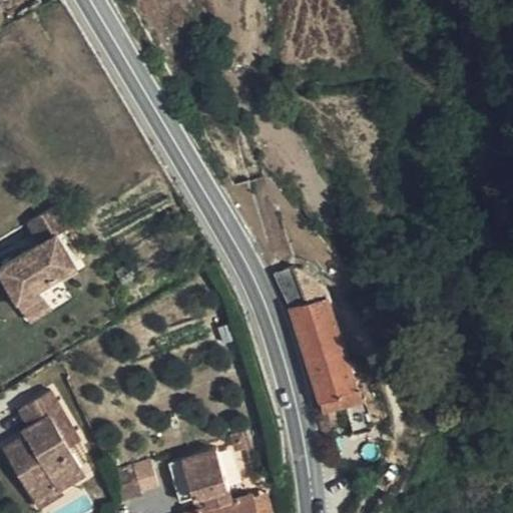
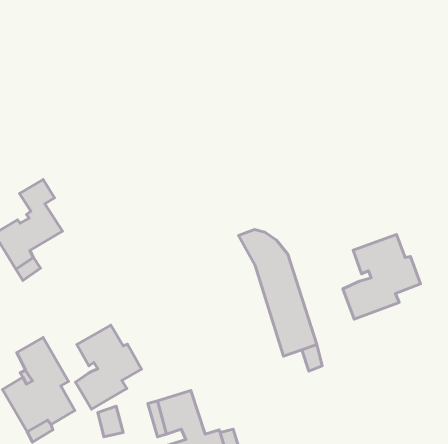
building: none -> [343,234,420,319]
building: none -> [76,325,141,409]

